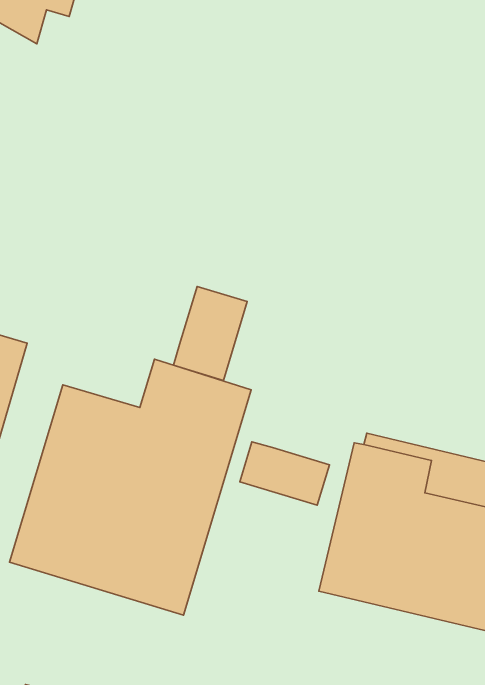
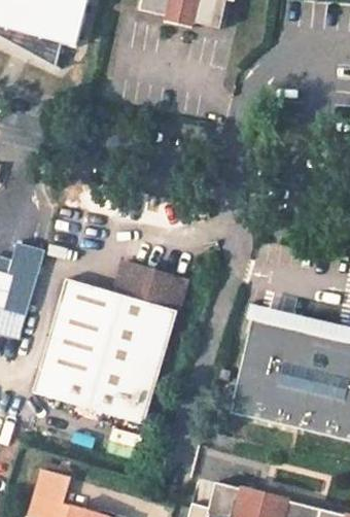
building: [174,287,247,380] -> none
building: [240,442,329,505] -> none

